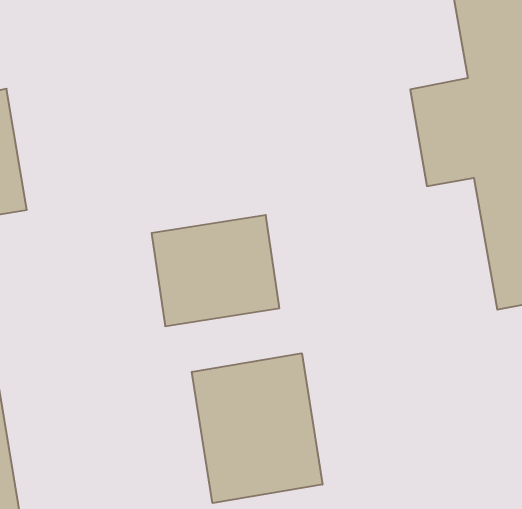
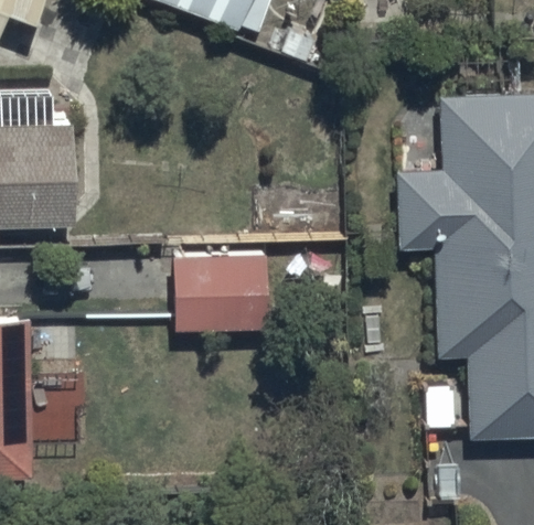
building: [192,353,322,503] -> none

